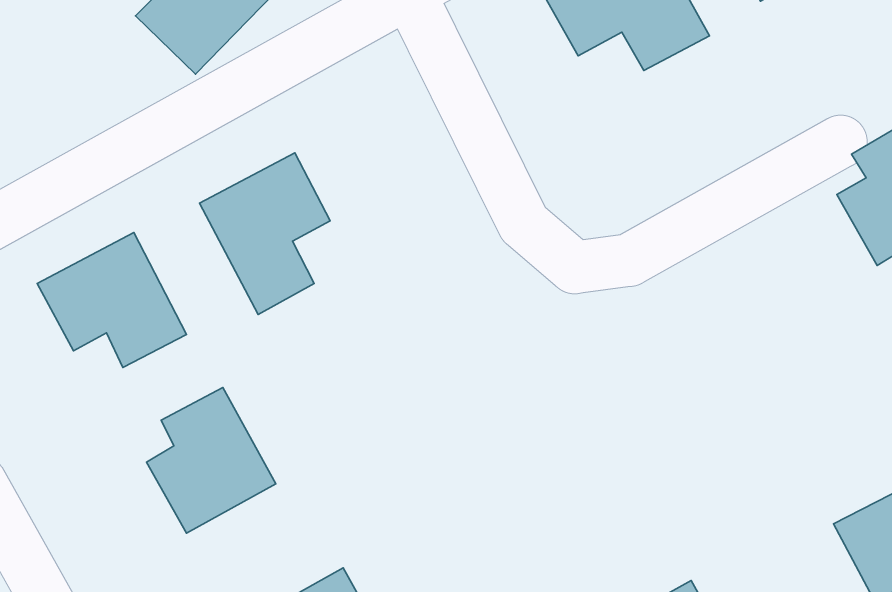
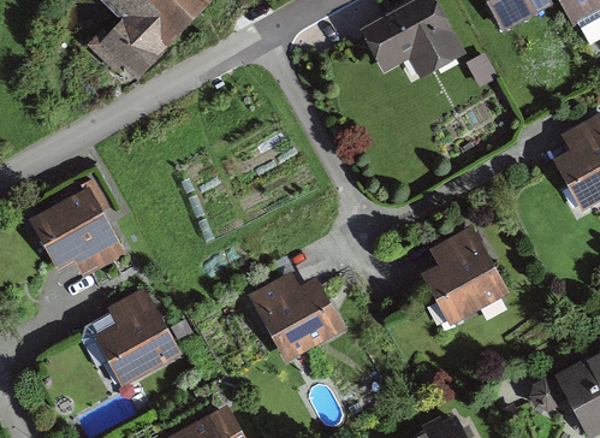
building: [199,153,330,315] -> none
building: none -> [422,227,509,324]
building: none -> [253,276,337,359]

